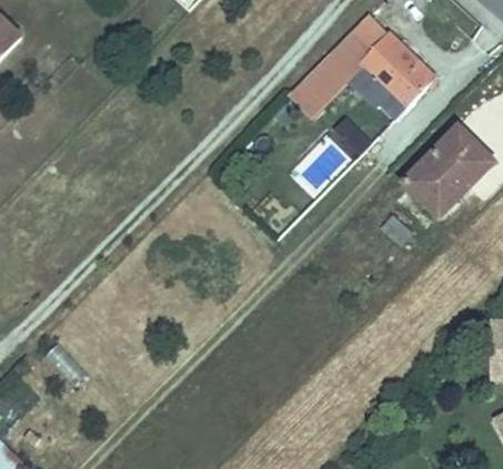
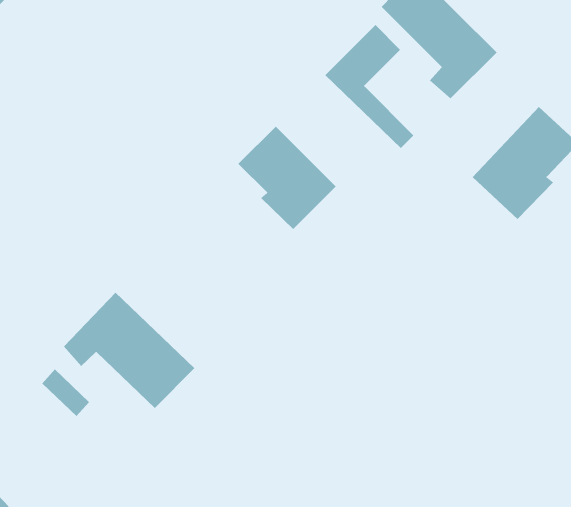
building: none -> [237,126,337,230]
building: none -> [63,292,195,409]

